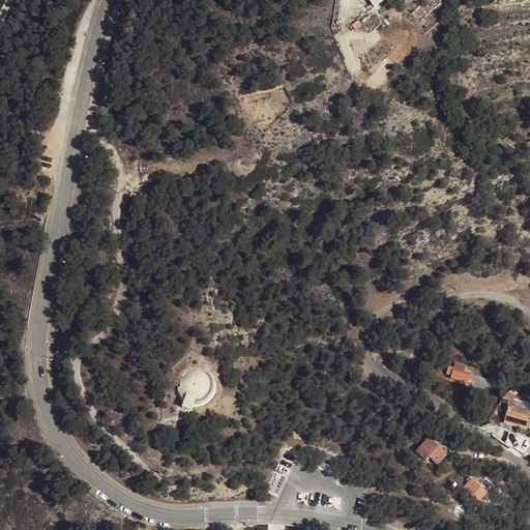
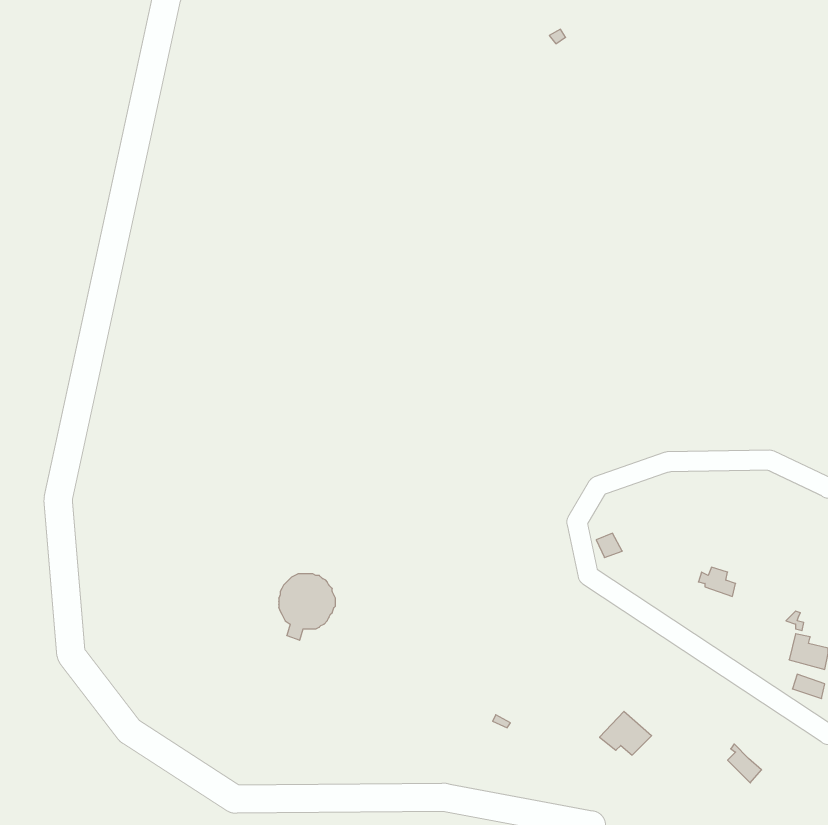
building: [417,434,450,462] -> [600,711,652,755]

